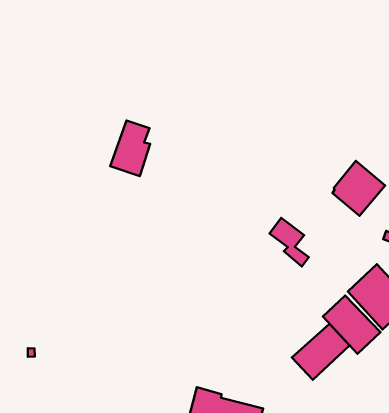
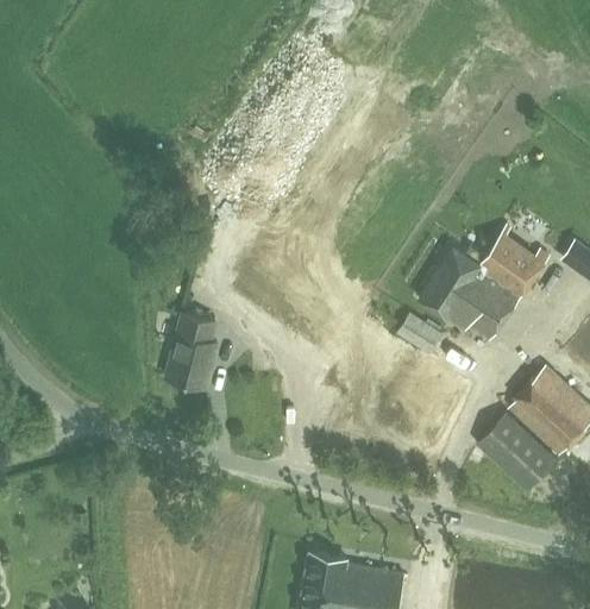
building: [110,121,150,176] -> [165,314,218,389]
building: none -> [419,250,517,340]
building: [292,324,350,380] -> none

